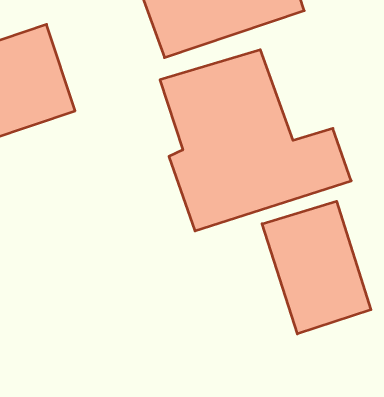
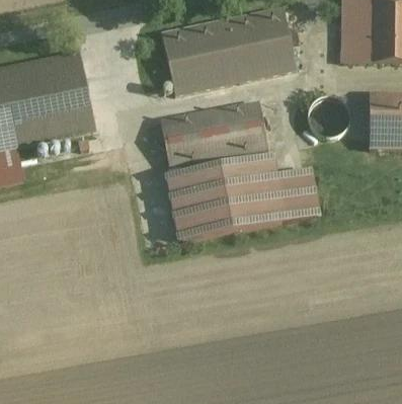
building: none -> [309,95,351,136]
building: [262,201,371,334] -> none

